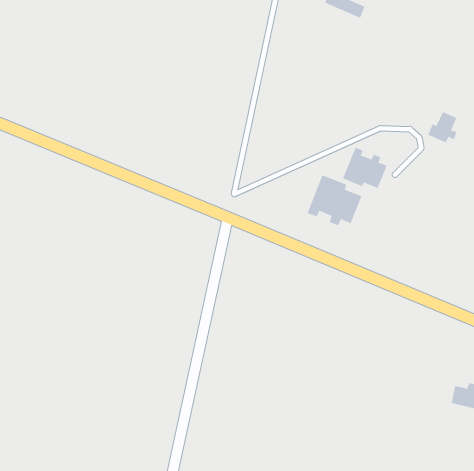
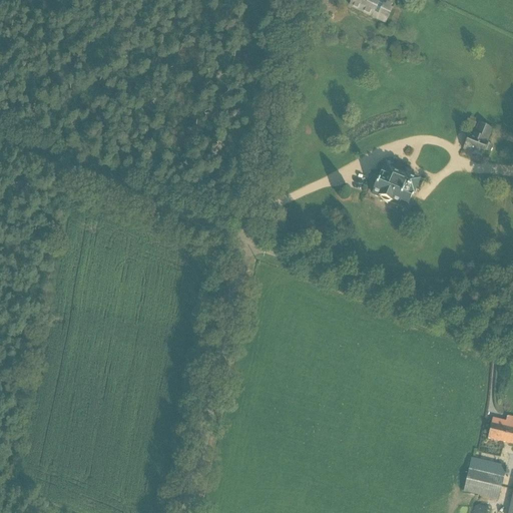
building: [307,174,362,226] -> none
building: none -> [464,455,508,498]

